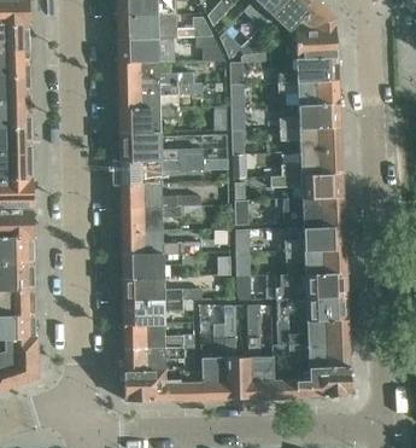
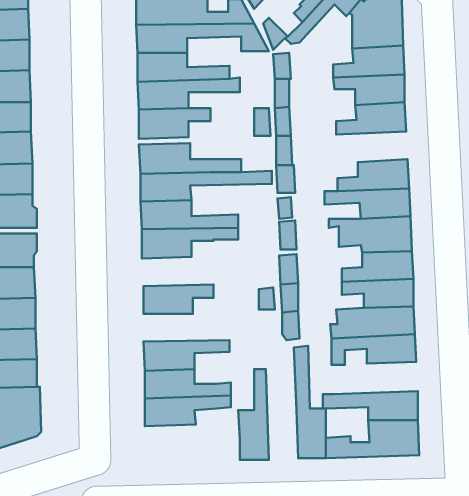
building: [281,127,340,152] -> none
building: [121,231,200,255] -> none
building: [122,278,201,301] -> none
building: [223,306,250,398] -> none
building: [277,318,348,344] -> none
building: [123,370,201,401] -> none

